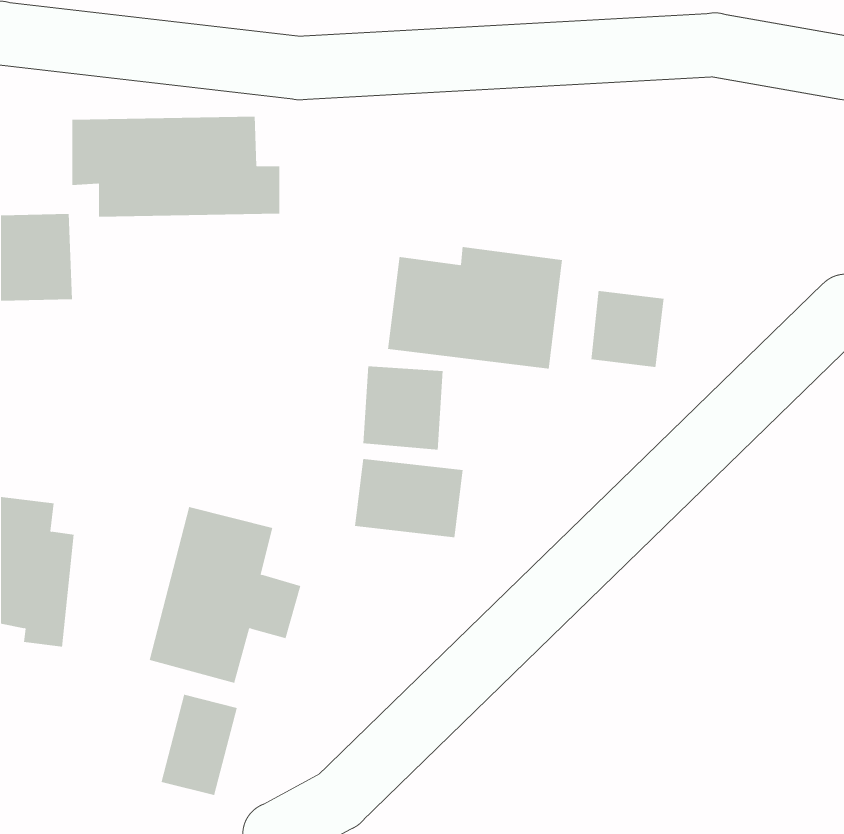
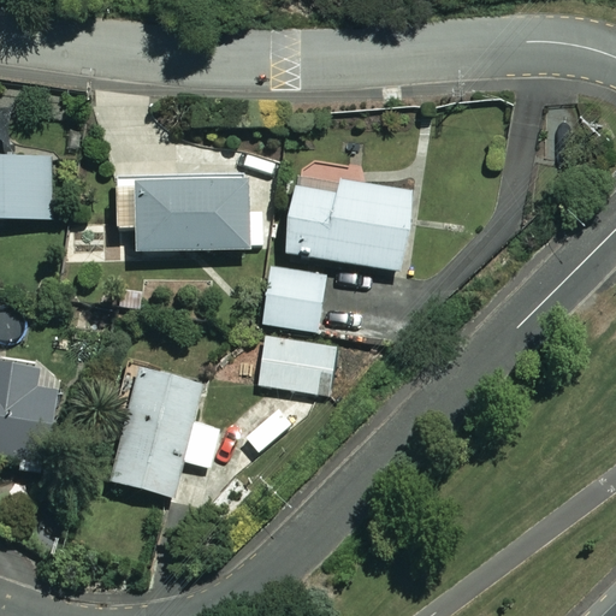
building: [72,116,280,217] -> [114,178,266,251]
building: [591,290,664,368] -> none
building: [161,694,237,796] -> none

